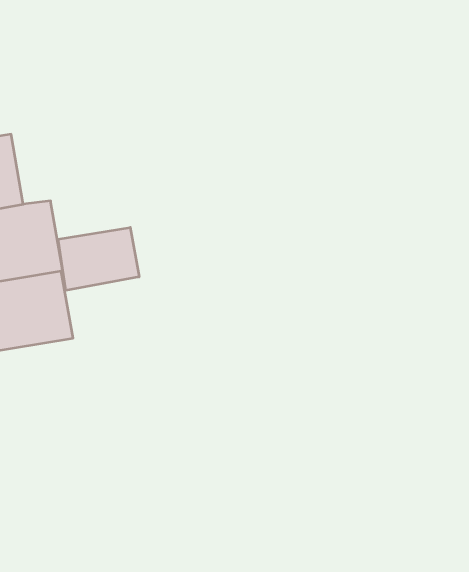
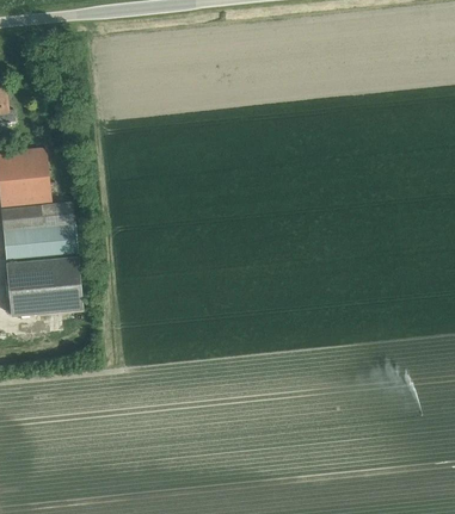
building: [58,227,139,290] -> none

